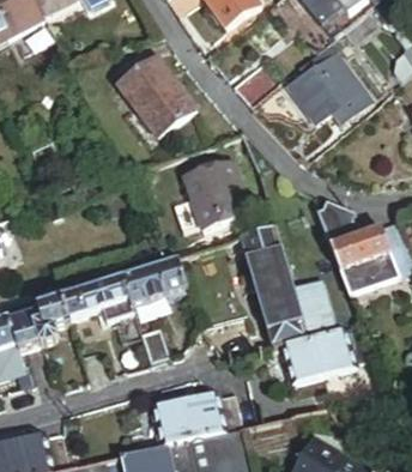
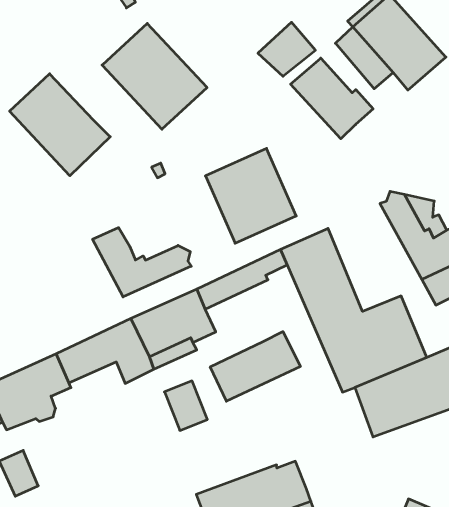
building: none -> [10,74,110,176]
building: none -> [291,58,373,139]
building: none -> [93,228,191,297]
building: none -> [210,332,300,401]

